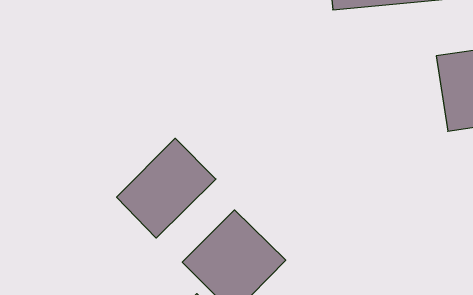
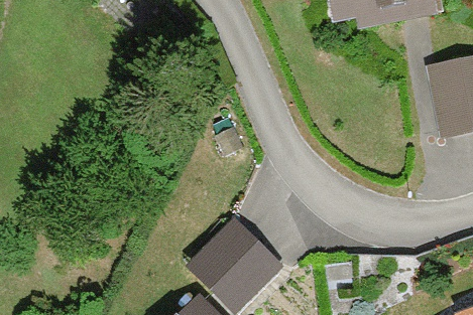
building: [117,138,216,238] -> none

